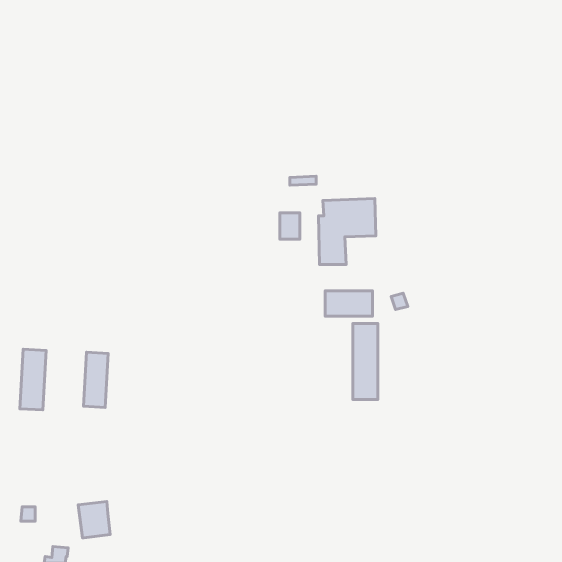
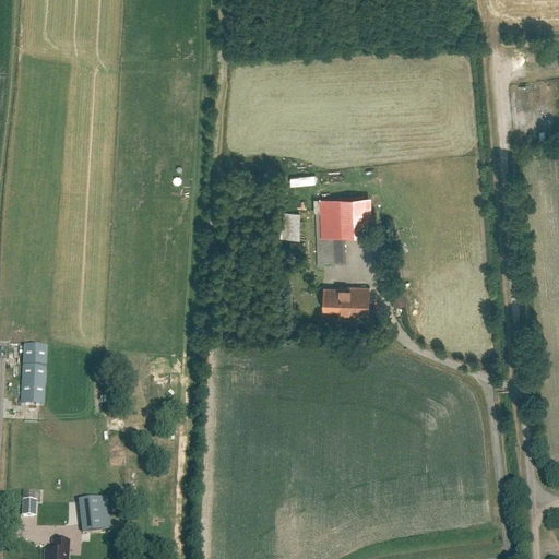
building: [353,323,378,400] -> none
building: [83,352,108,407] -> none

